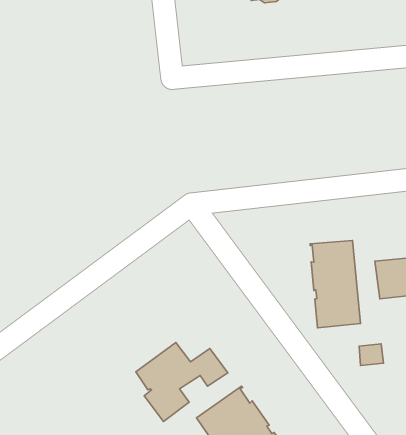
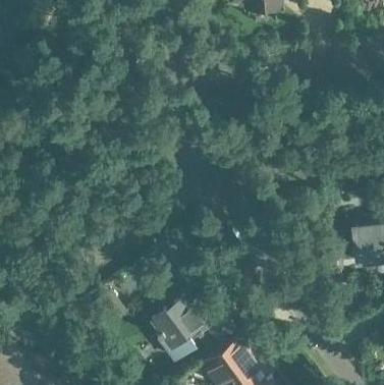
building: [310,240,361,328] -> none

